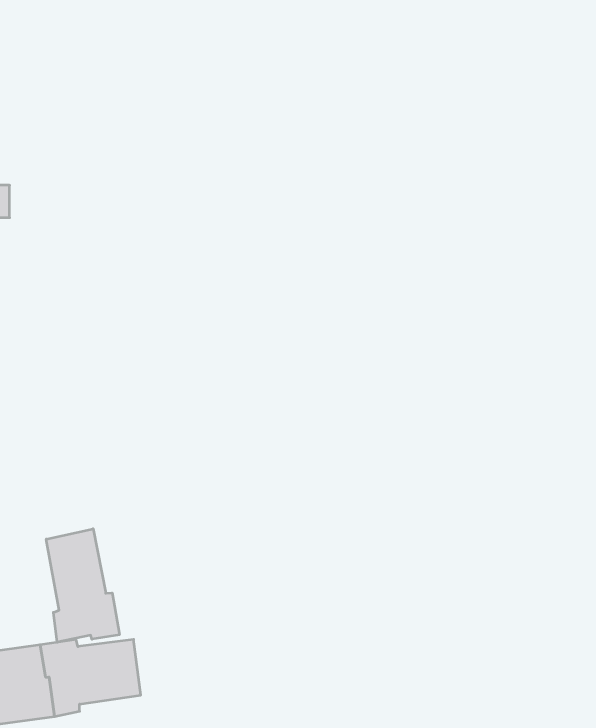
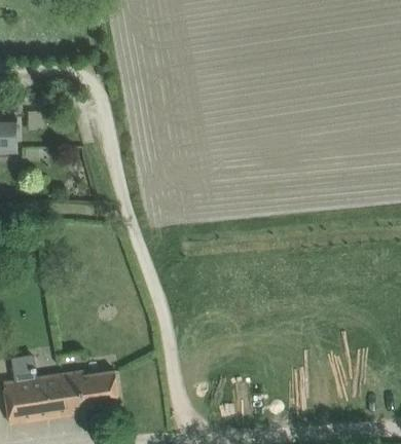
building: [46,529,119,642] -> none

